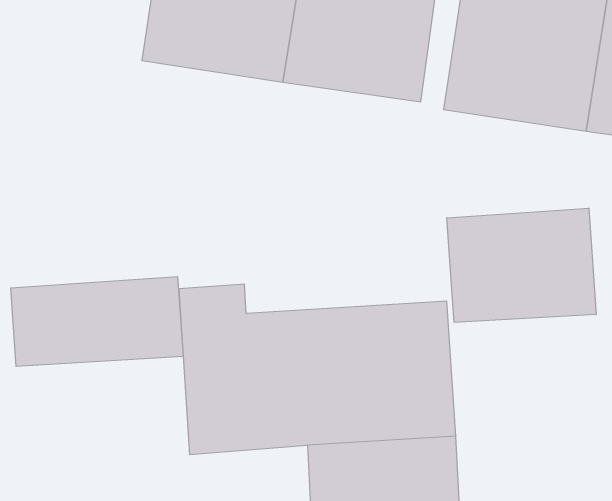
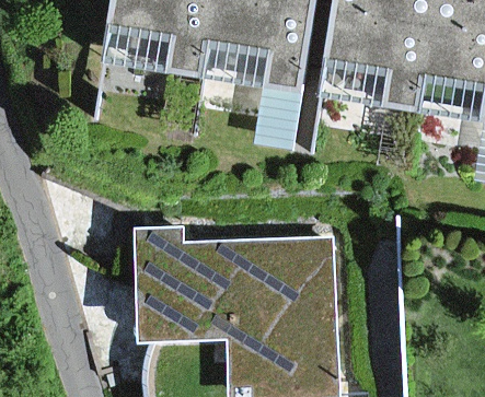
building: [447,208,596,322] -> none
building: [11,277,183,366] -> none

